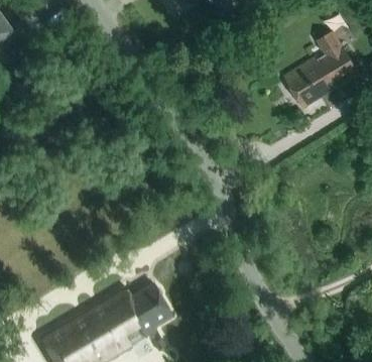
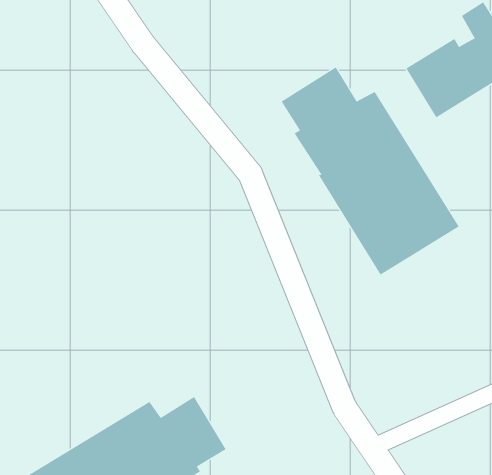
building: none -> [281,67,460,276]

